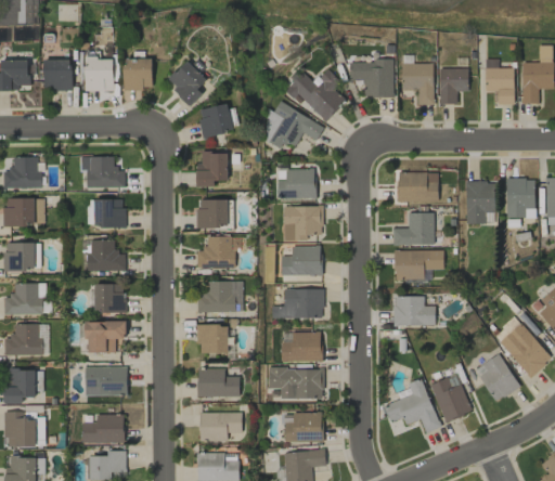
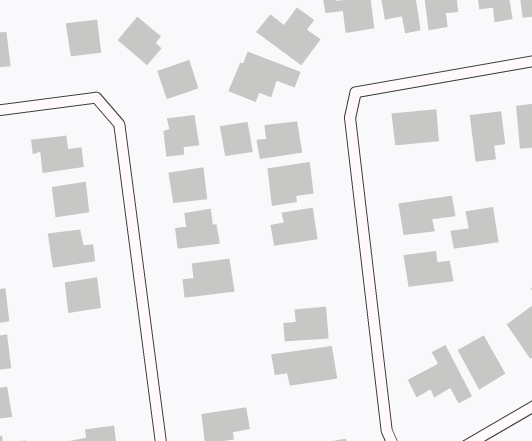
building: [85,58,115,92] -> none
building: none -> [219,121,254,157]
building: [392,212,435,246] -> [450,206,500,250]
building: [272,289,324,320] -> none
building: [87,322,127,353] -> none
building: [198,325,229,354] -> none
building: [86,367,128,395] -> none
building: [198,369,241,398] -> none
building: [284,413,324,443] -> none

